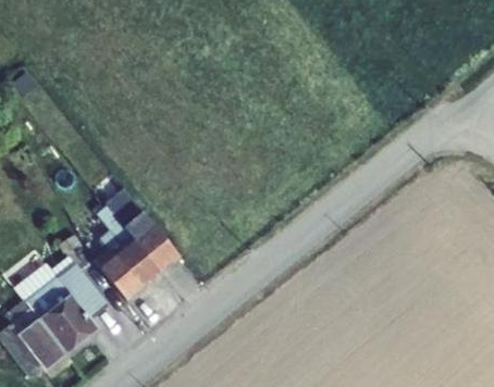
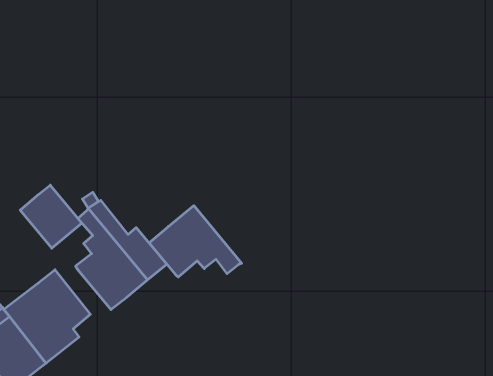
building: none -> [20,185,82,248]
building: none -> [149,206,242,277]

